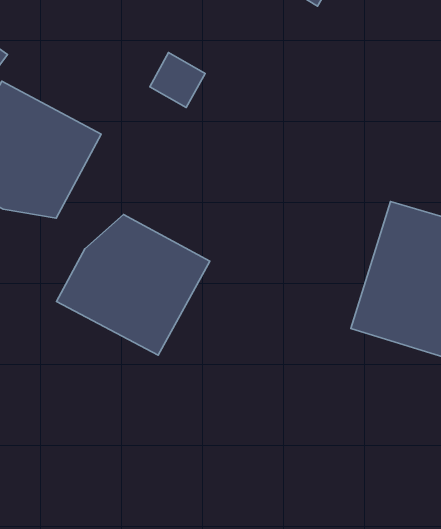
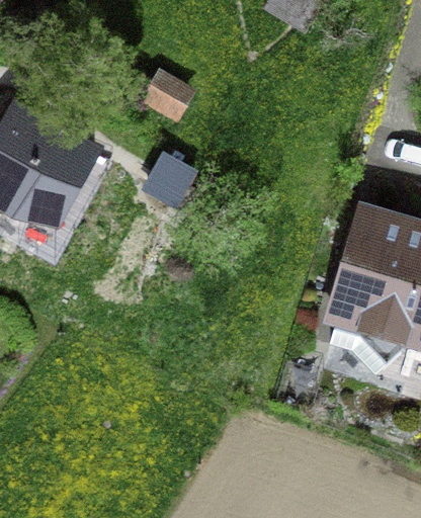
building: [57,215,210,355] -> none

